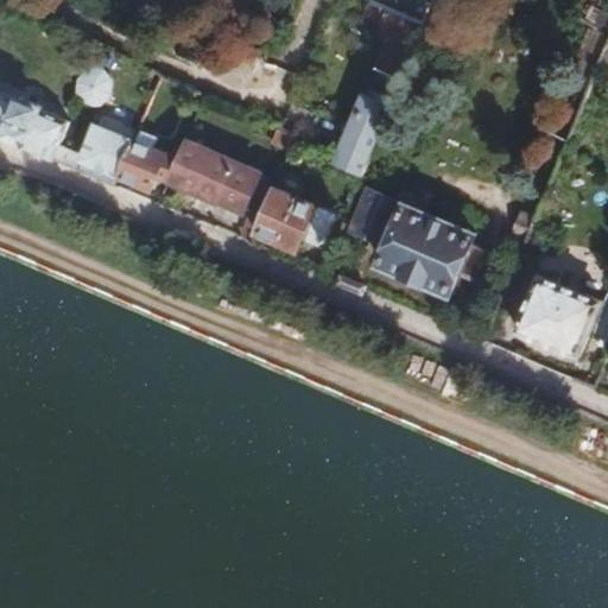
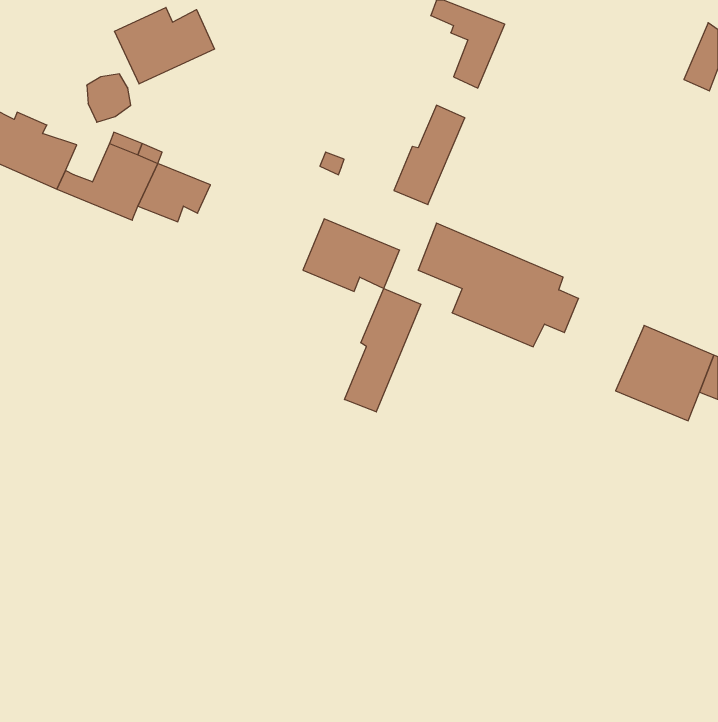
building: none -> [115,7,215,84]
building: [165,141,260,209] -> none
building: none -> [345,289,421,412]

